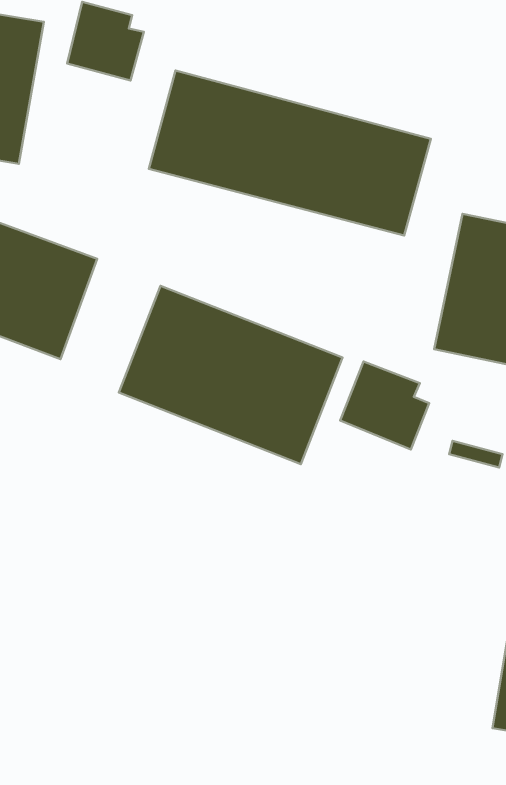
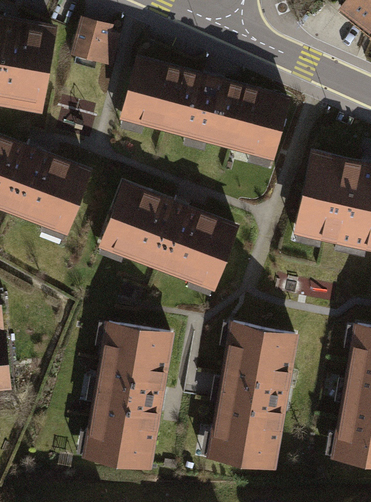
building: [340,362,429,450] -> none
building: none -> [88,330,170,471]
building: none -> [214,330,295,470]

